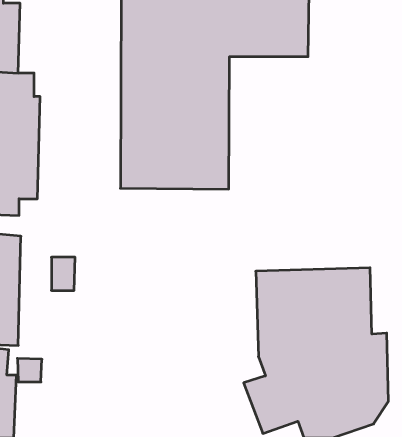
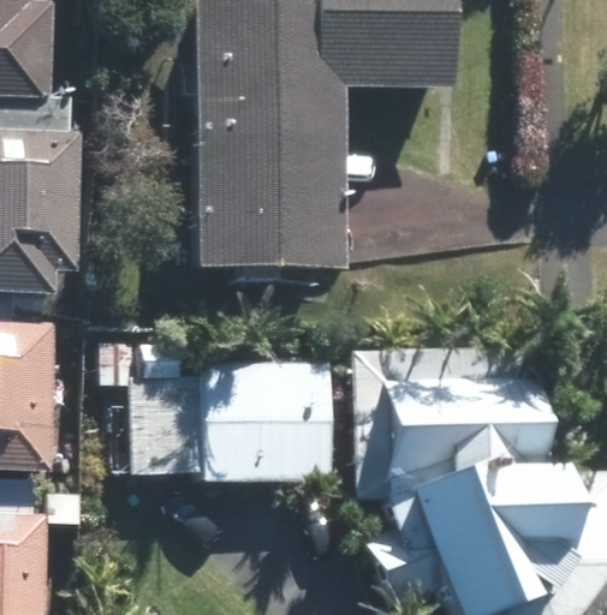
building: none -> [135,341,333,480]

